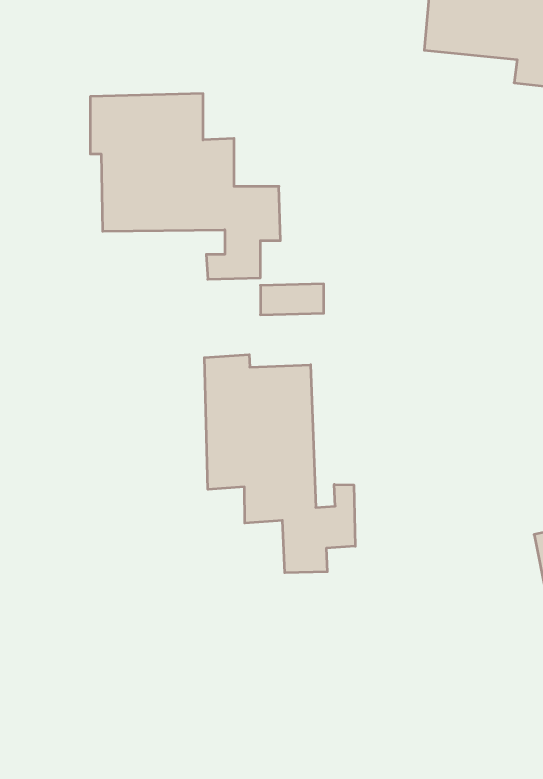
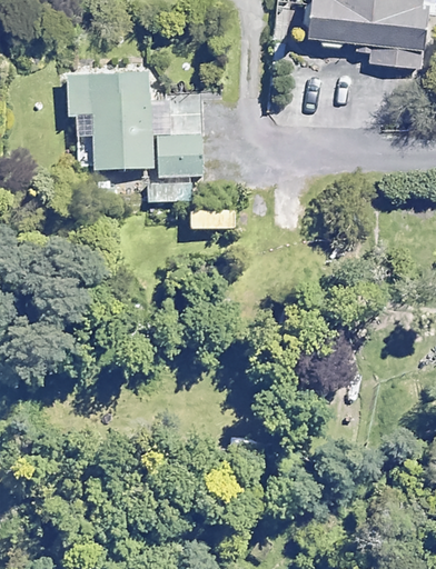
building: [204,355,355,573] -> none

